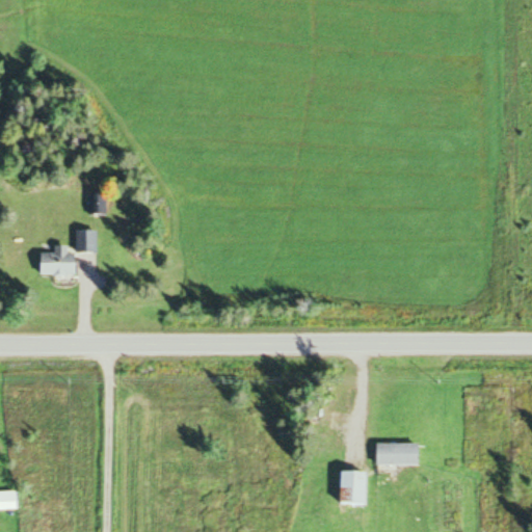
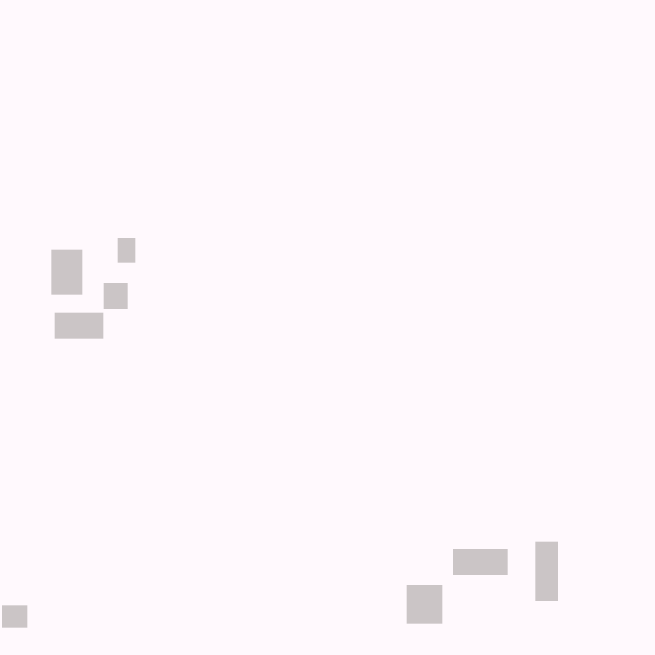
building: none -> [51,249,83,295]
building: none -> [535,541,559,602]

